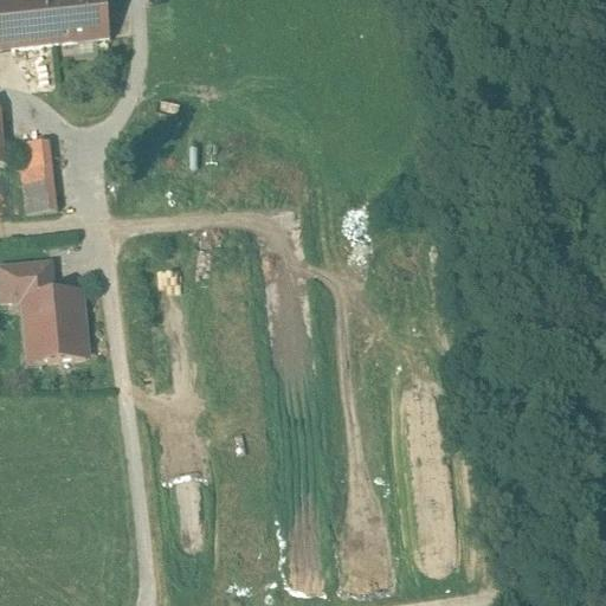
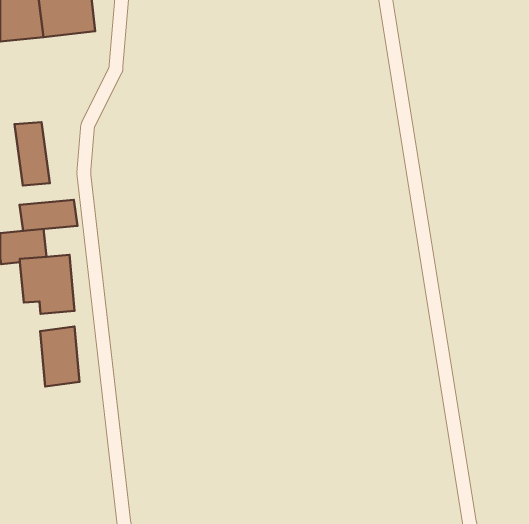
building: none -> [19,200,78,231]
building: none -> [40,327,80,387]

